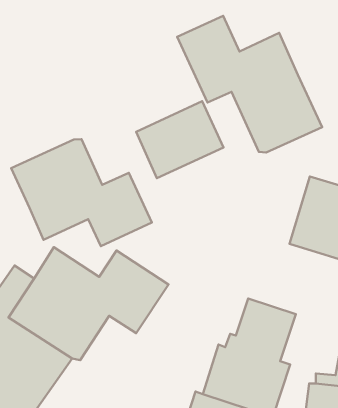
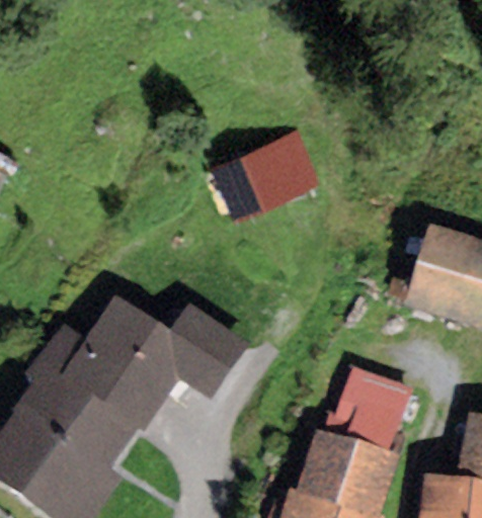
building: [177,16,322,153] -> none
building: [11,139,152,246] -> none

